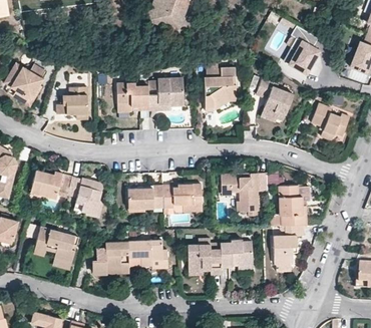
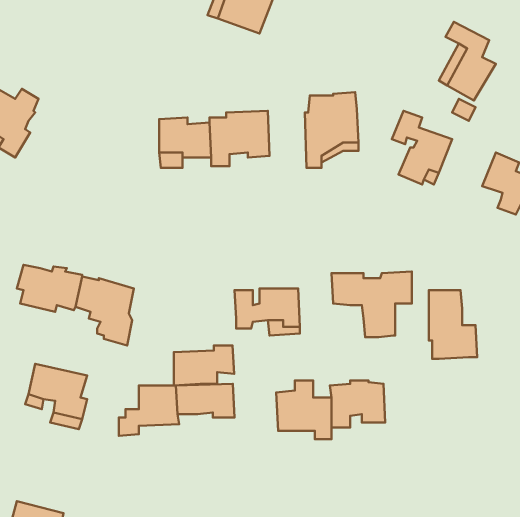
building: [56,87,87,119] -> none
building: [127,185,163,209] -> [174,345,234,386]
building: [274,225,303,263] -> none

